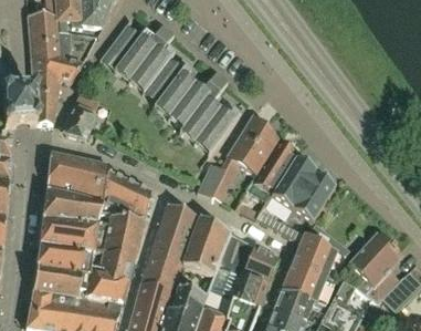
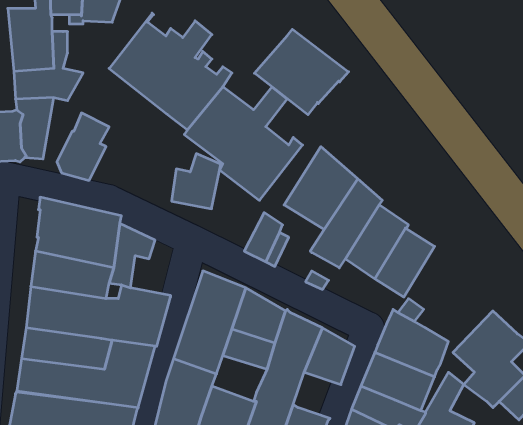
building: none -> [254,29,349,115]
building: [116,180,151,220] -> [172,154,221,209]
building: [233,276,267,309] -> none

